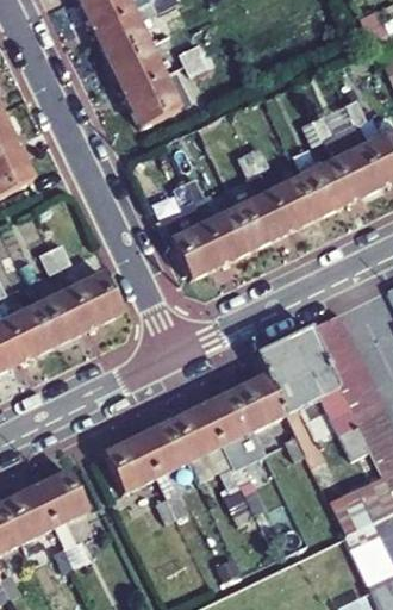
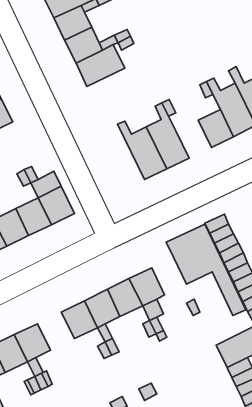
building: [269,176,320,231] -> none
building: [161,182,224,279] -> none
building: [235,374,285,429] -> none

